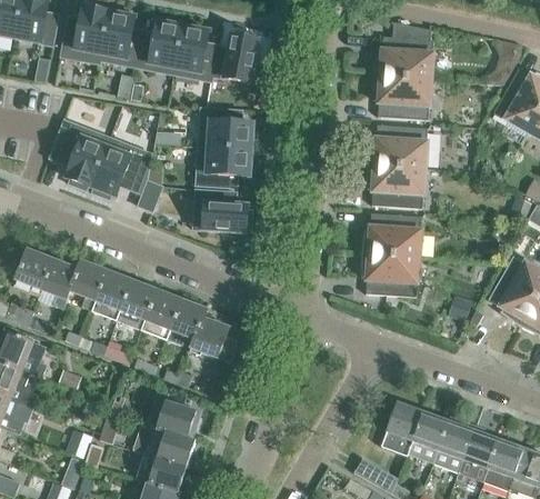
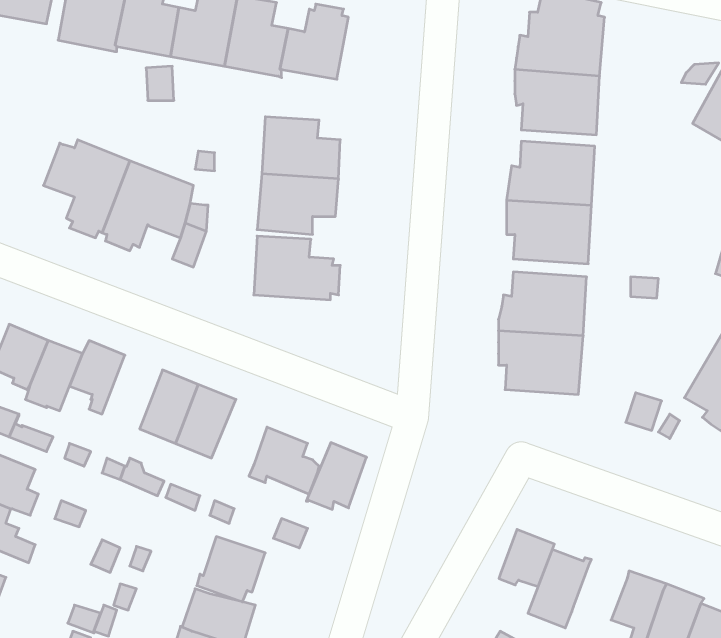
building: [91,270,132,320] -> none
building: [166,300,207,346] -> [306,443,367,509]
building: [411,411,449,450] -> [499,529,554,587]

